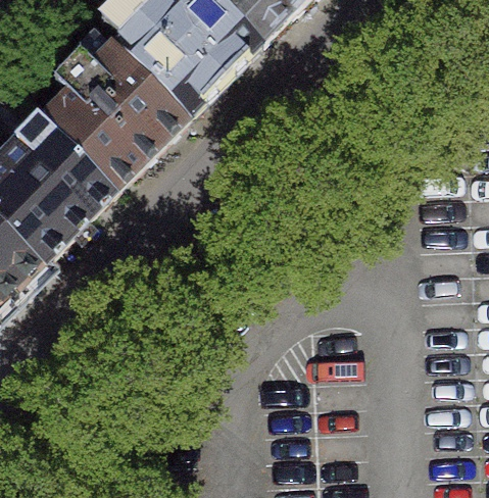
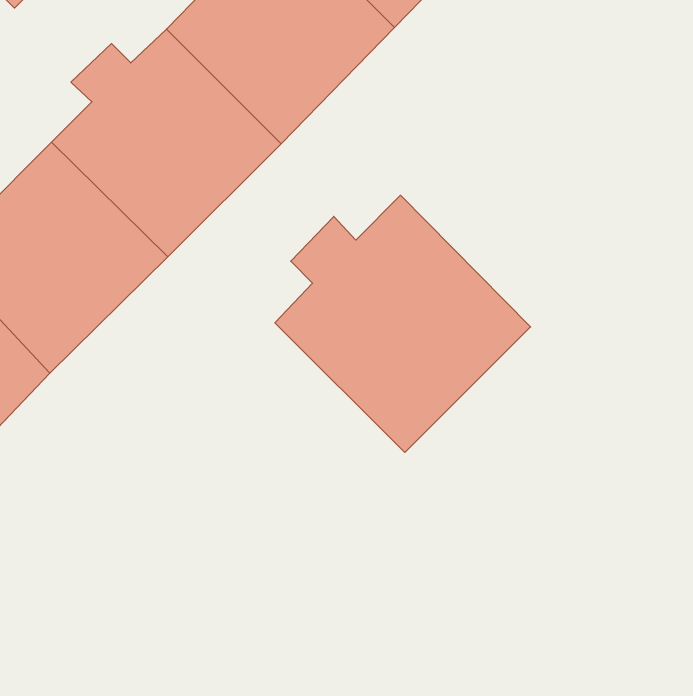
building: none -> [275,195,531,452]

